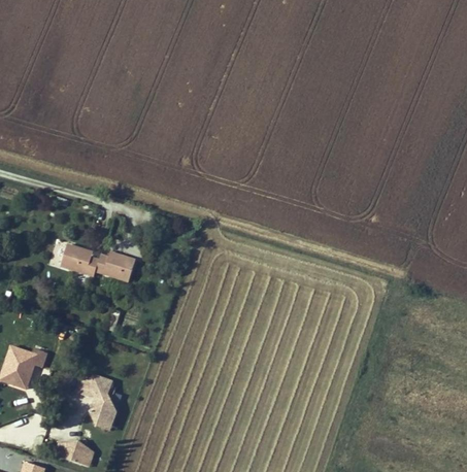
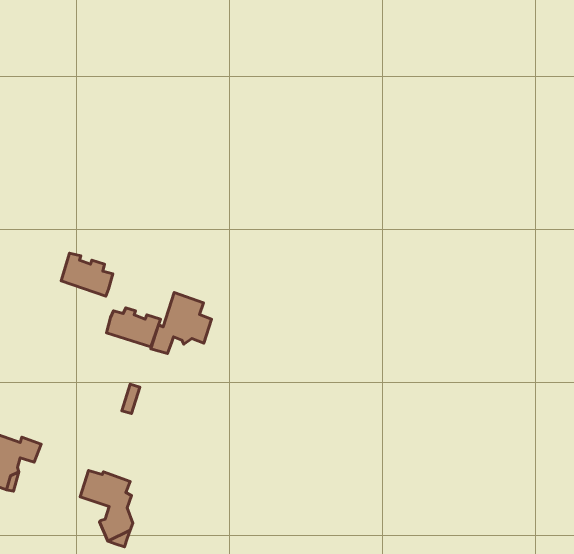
building: none -> [151,293,211,354]
building: [60,244,98,276] -> [61,253,113,296]

